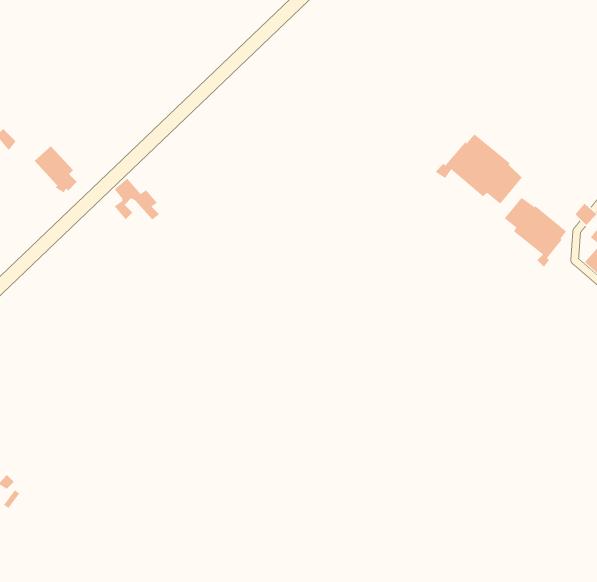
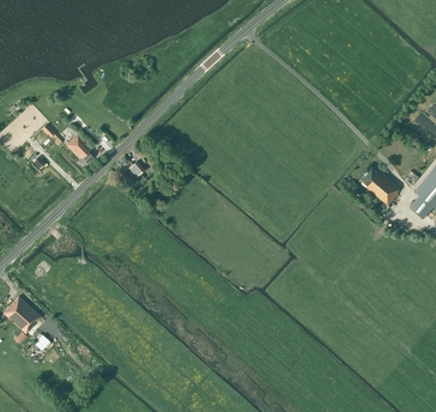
building: [435,133,523,205] -> none

